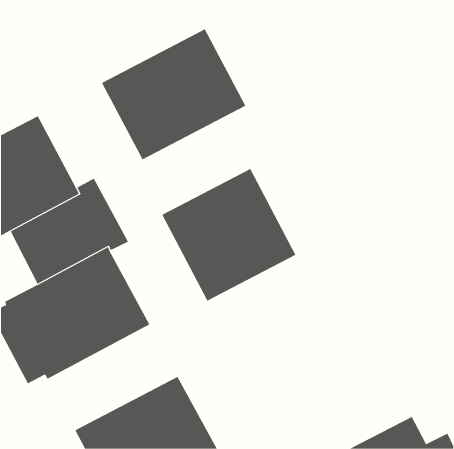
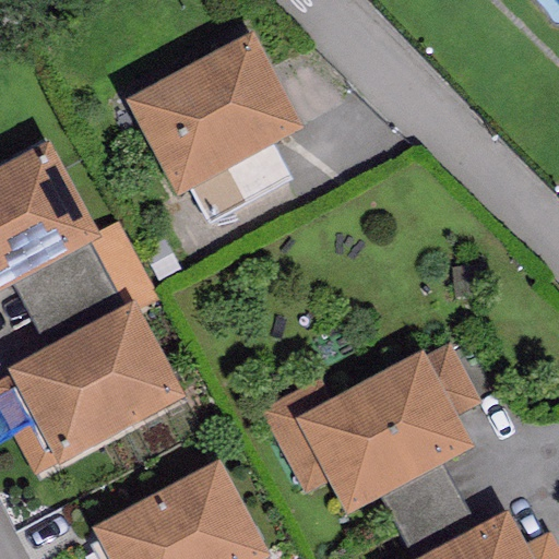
building: [162,168,296,302] -> none
building: none -> [259,342,480,515]

